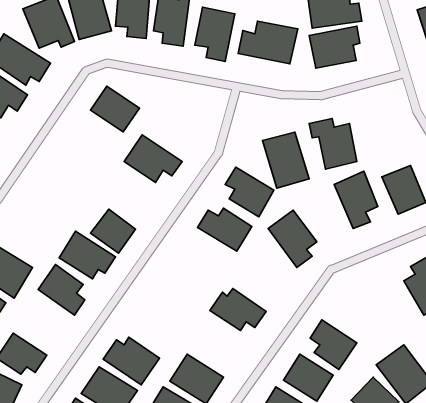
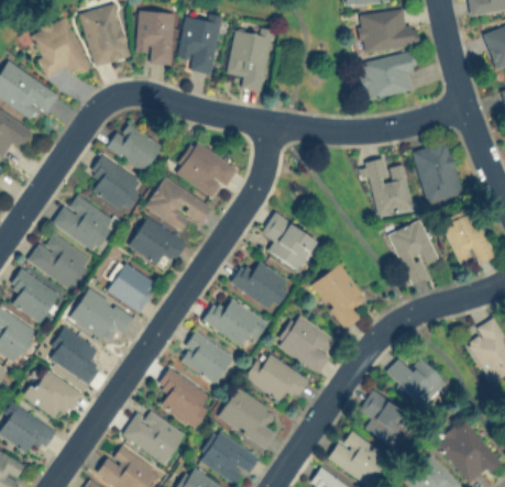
building: [238,21,298,64] -> none
building: none -> [174,141,237,200]
building: none -> [89,156,145,213]
building: [263,132,309,188] -> [411,141,465,206]
building: none -> [53,193,117,252]
building: none -> [129,219,185,270]
building: none -> [26,234,91,290]
building: none -> [9,269,61,324]
building: none -> [201,299,270,346]
building: none -> [275,313,340,374]
building: none -> [177,331,234,385]
building: none -> [386,356,448,408]
building: none -> [24,368,83,418]
building: none -> [156,368,209,429]
building: none -> [218,387,277,449]

